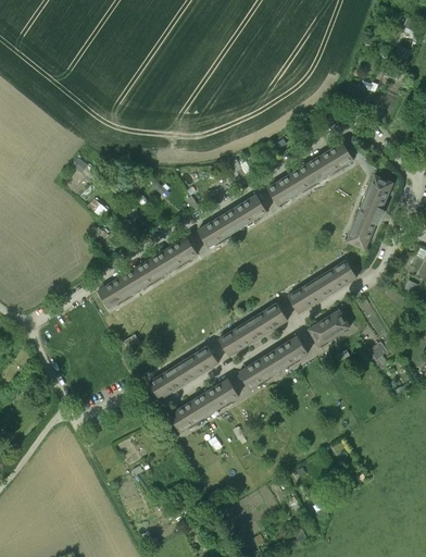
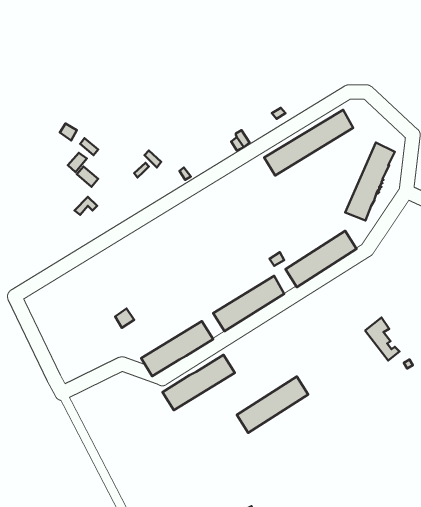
building: [198,195,267,248] -> none
building: [98,237,198,308] -> none
building: [308,309,350,346] -> none
building: [239,335,308,389] -> [237,376,308,433]

